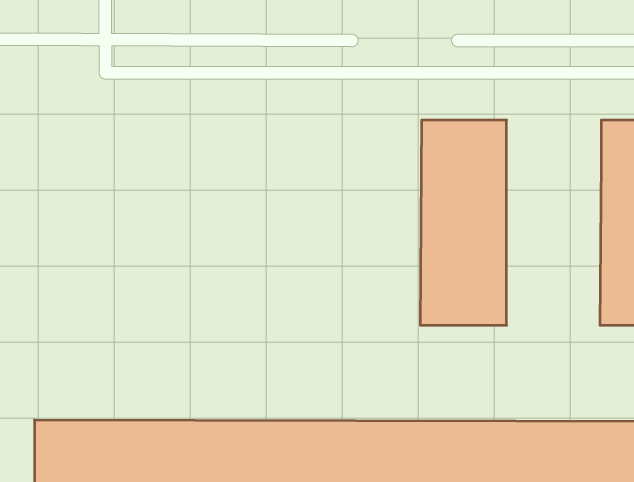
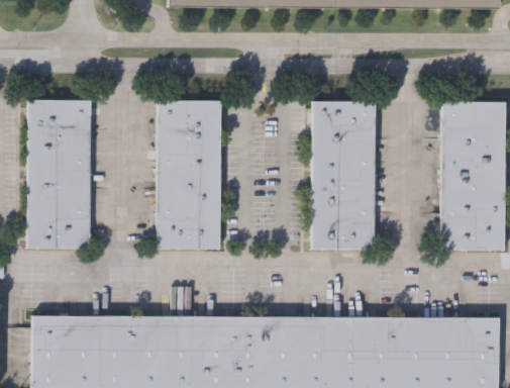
building: none -> [27,98,91,248]
building: none -> [158,99,220,248]

